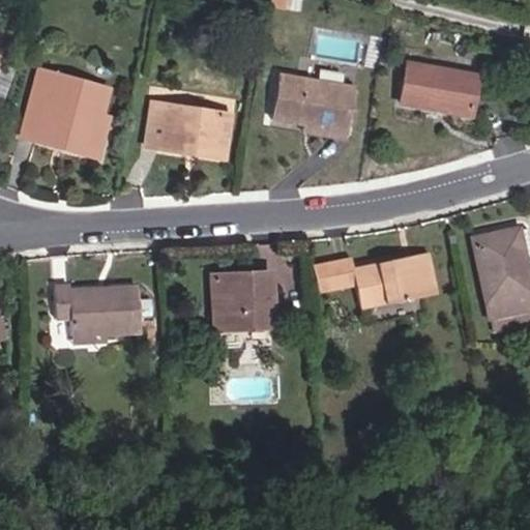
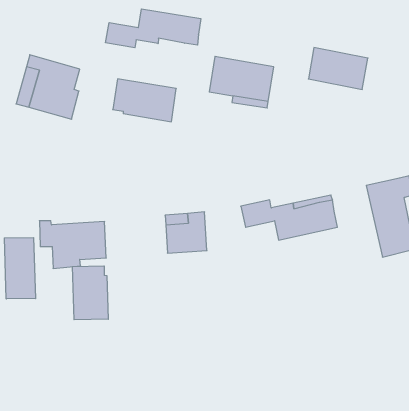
building: none -> [106,9,201,48]
building: none -> [4,238,36,299]
building: none -> [72,266,108,320]

